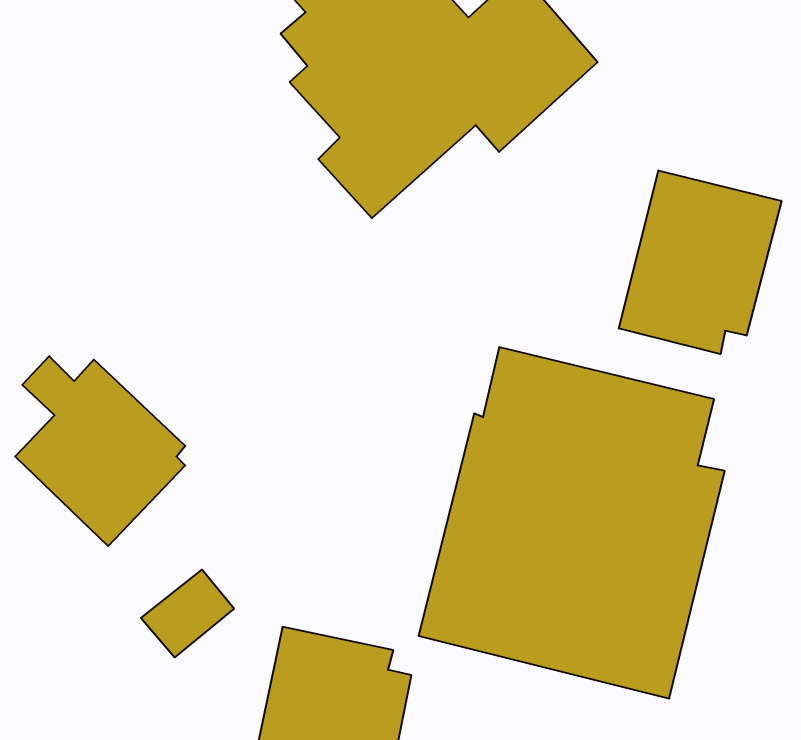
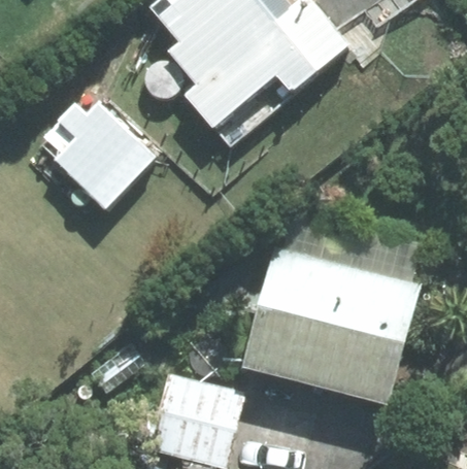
building: [619,170,781,354] -> none
building: [15,356,185,546] -> [52,101,149,210]

